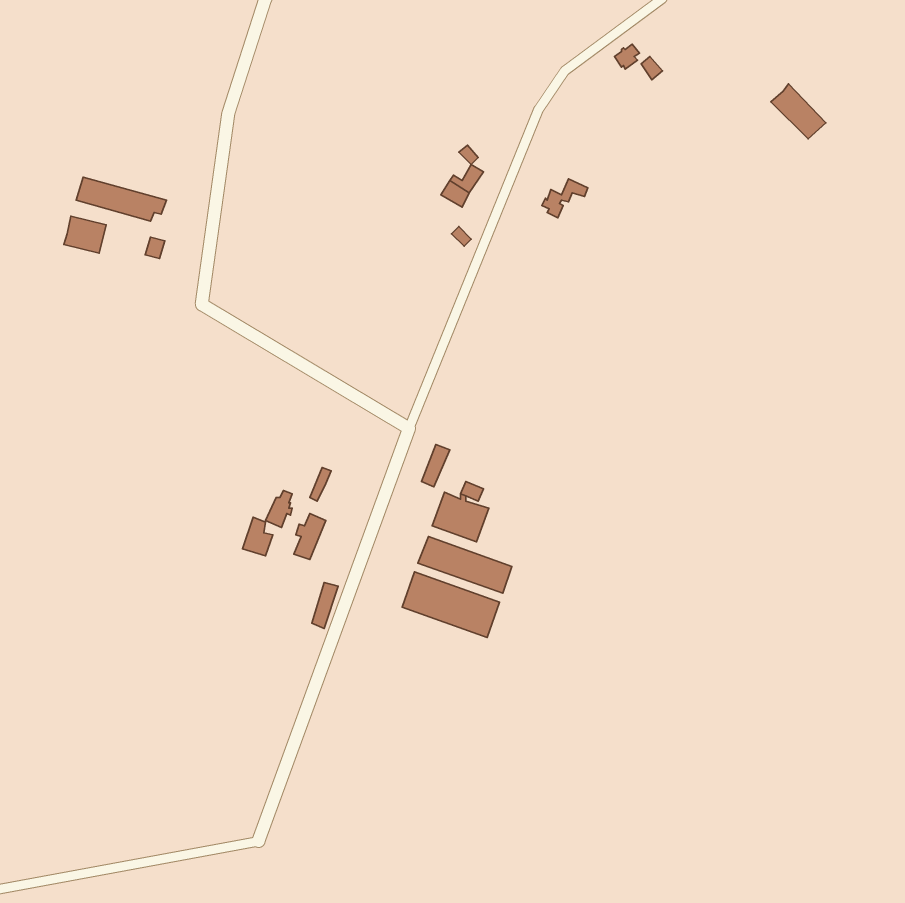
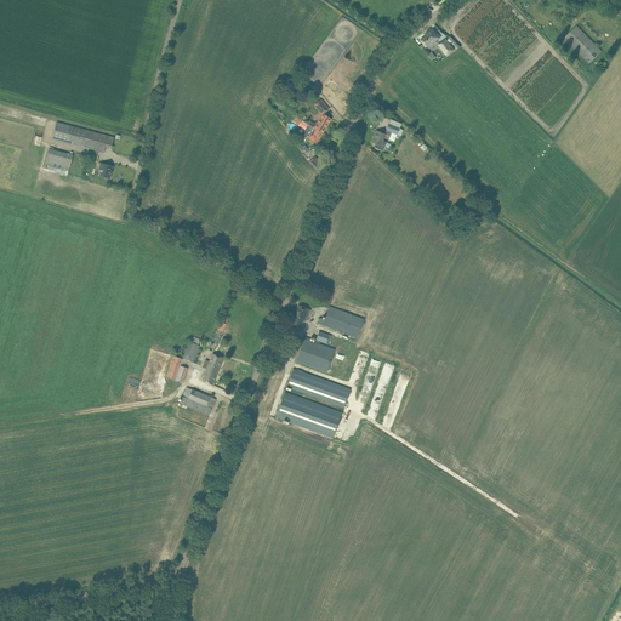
building: [771,84,826,139] -> [564,24,602,62]
building: none -> [318,306,364,337]
building: none -> [180,386,216,414]

